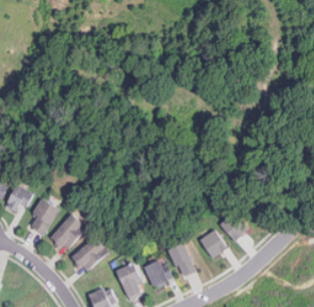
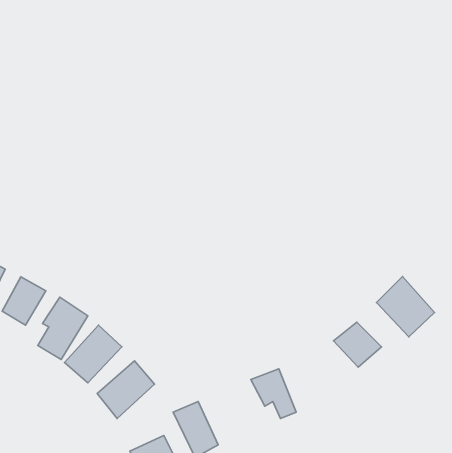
building: none -> [377,277,434,337]
building: [201,230,229,259] -> none
building: [145,263,174,288] -> none

